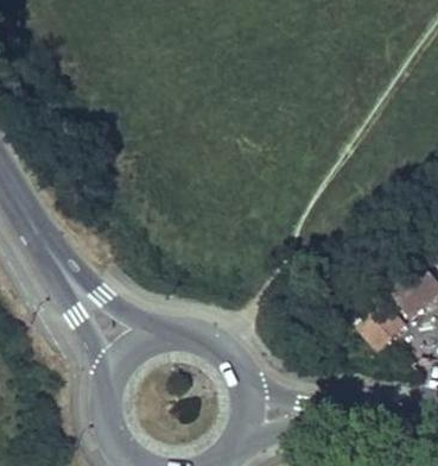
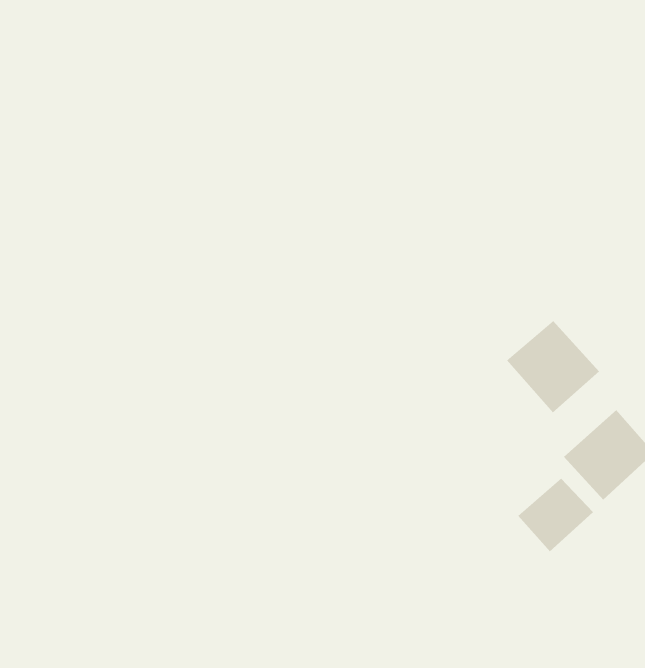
building: none -> [506,320,600,413]

